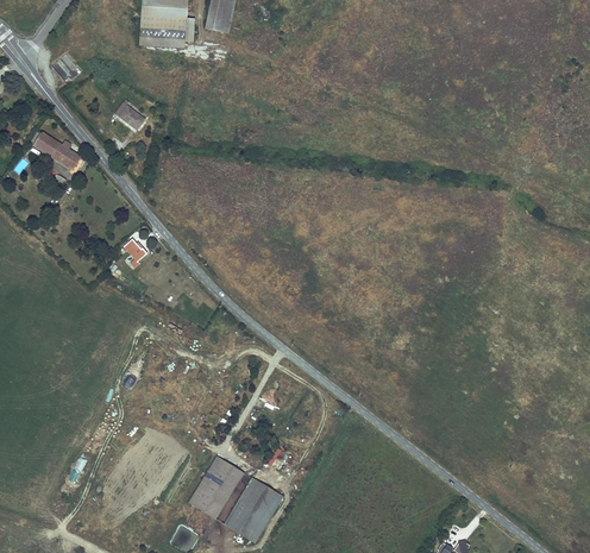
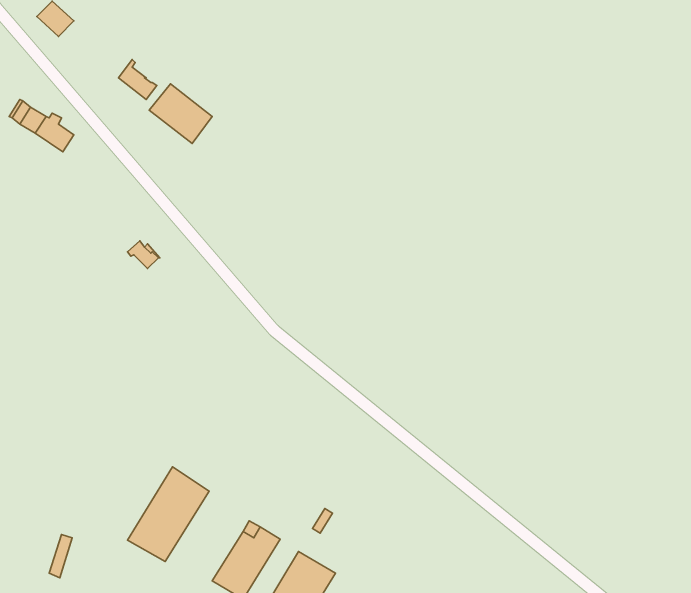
building: none -> [149,84,212,143]
building: none -> [127,467,209,562]

